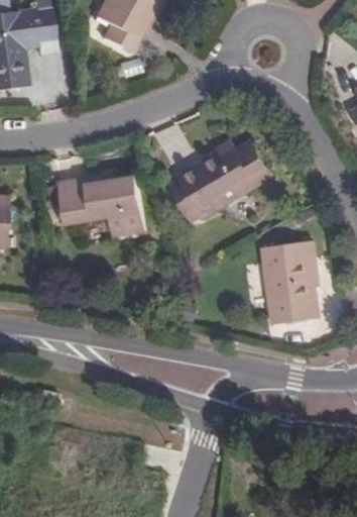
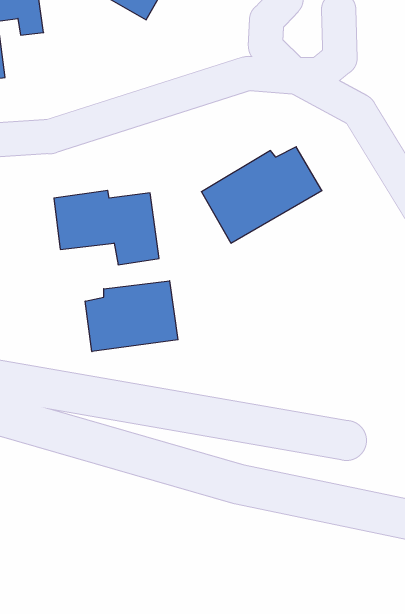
building: [265,241,322,326] -> none
building: none -> [85,281,178,352]

